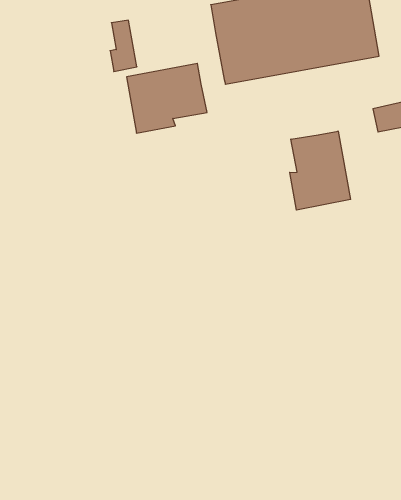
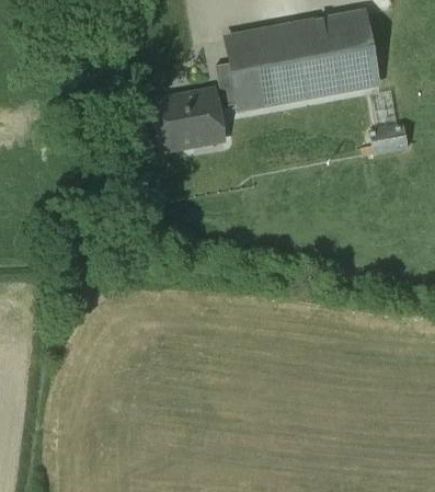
building: [110,20,137,72] -> [216,61,240,107]
building: [290,131,351,210] -> none

